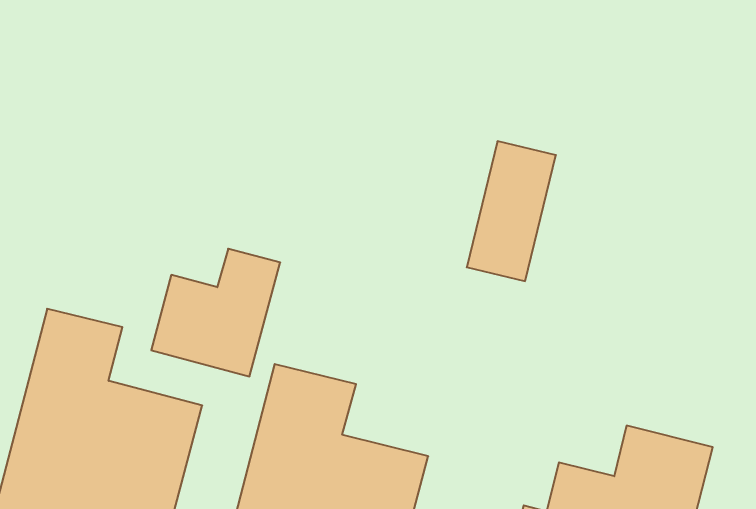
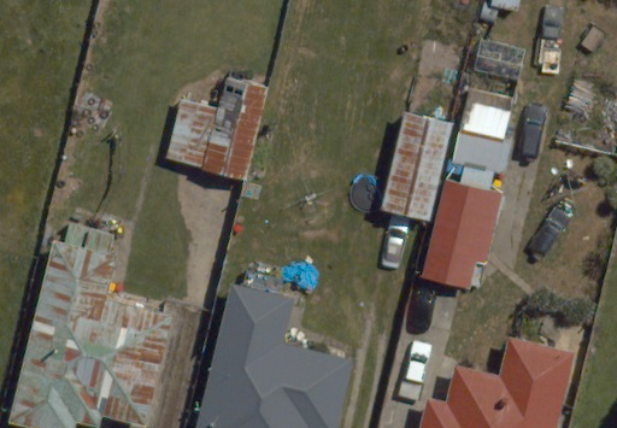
building: none -> [421,178,501,288]
building: [151,249,280,376] -> [165,76,266,176]

